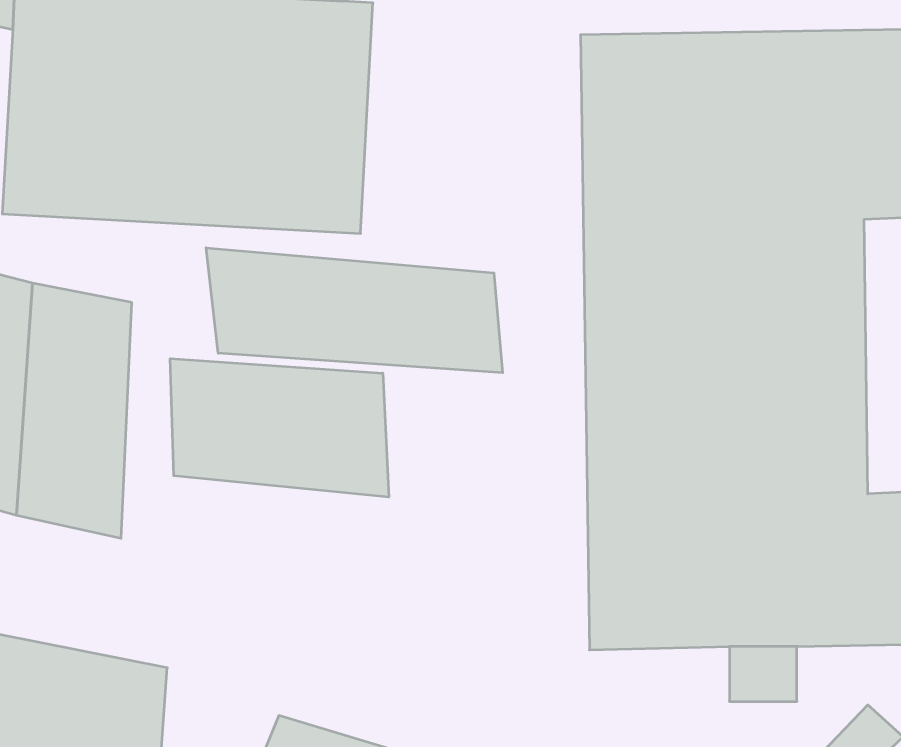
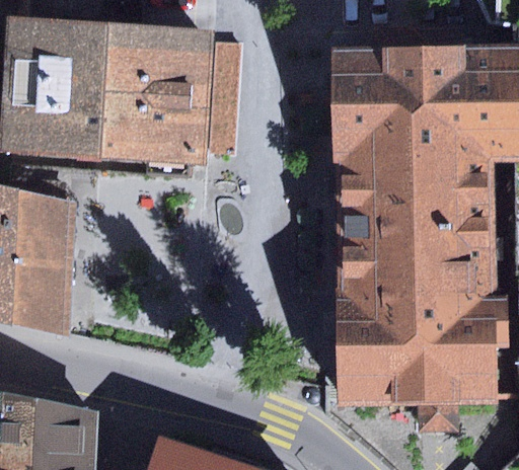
building: [206,248,503,373] -> none
building: [170,359,389,497] -> none

